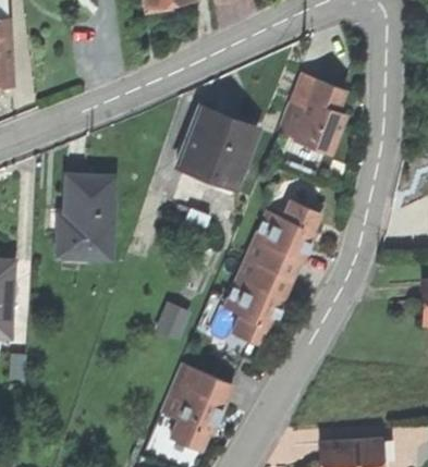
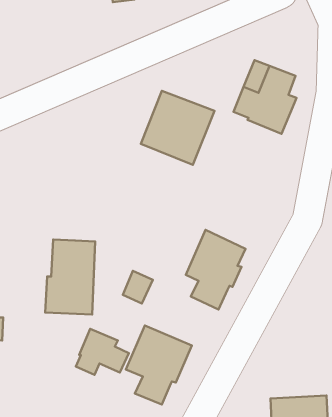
building: [59,176,113,258] -> [45,240,95,315]
building: [248,200,320,280] -> none
building: none -> [76,329,129,375]

